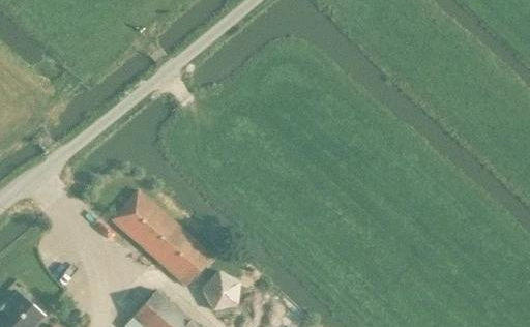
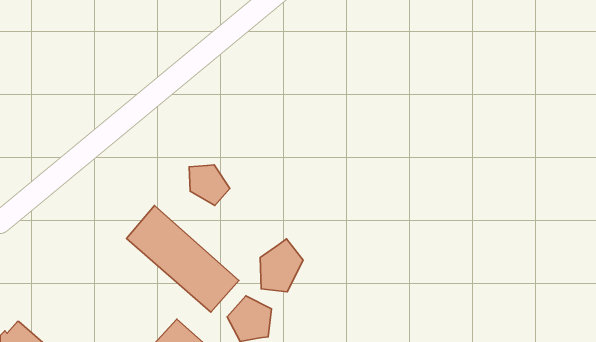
building: none -> [189,165,230,205]
building: none -> [260,239,303,292]

